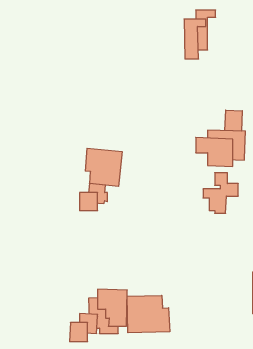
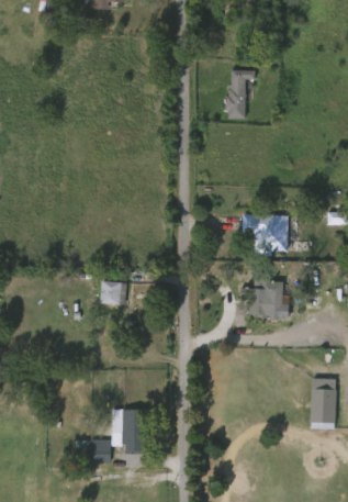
building: [225,110,242,131] -> none
building: [85,148,122,186] -> none
building: [127,295,170,333] -> none

